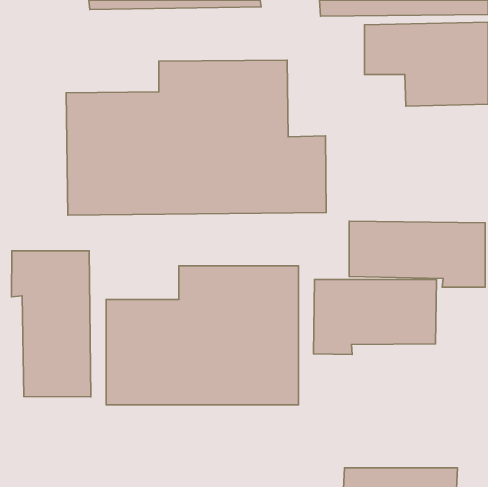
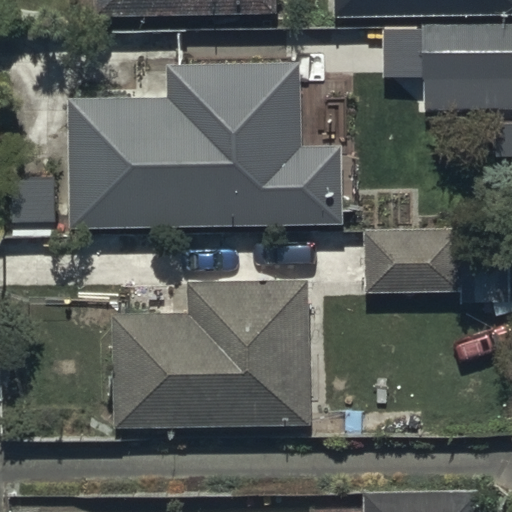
building: [12,251,91,397] -> none
building: [314,279,436,354] -> none

